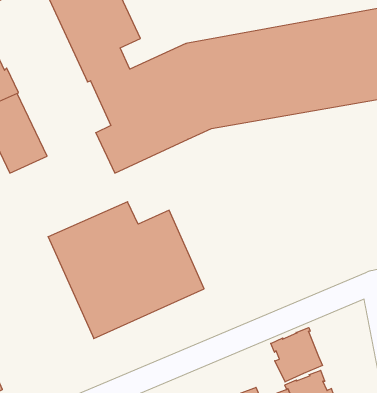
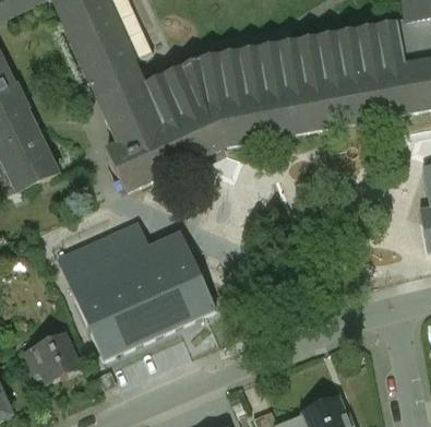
building: none -> [23,332,81,382]
building: [271,328,322,382] -> none

